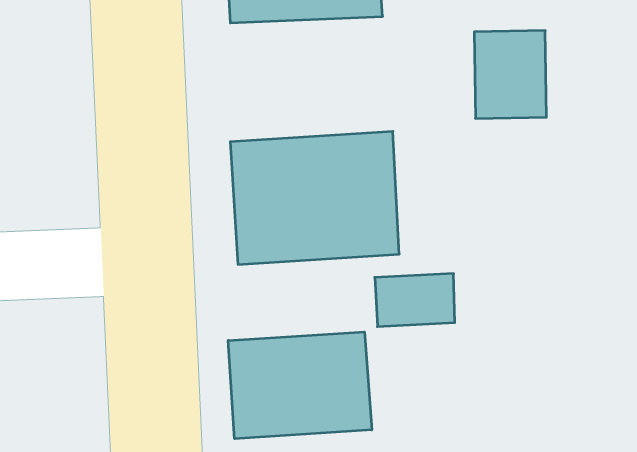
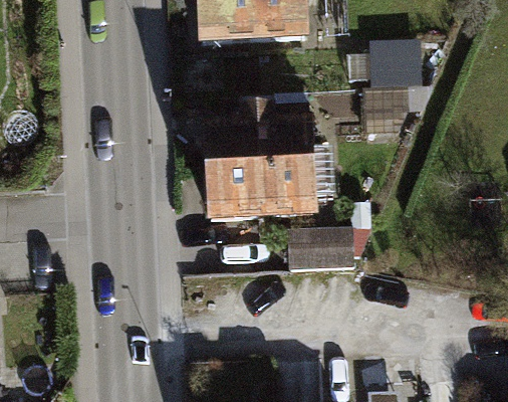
building: [228,332,372,439] -> none

